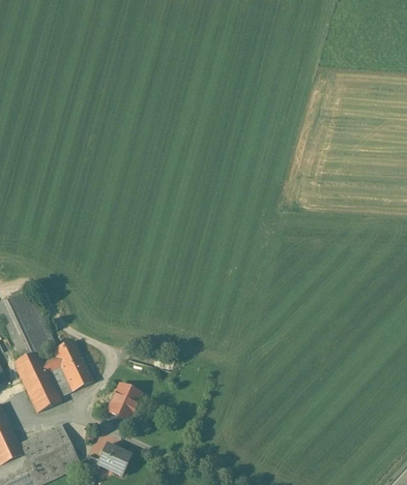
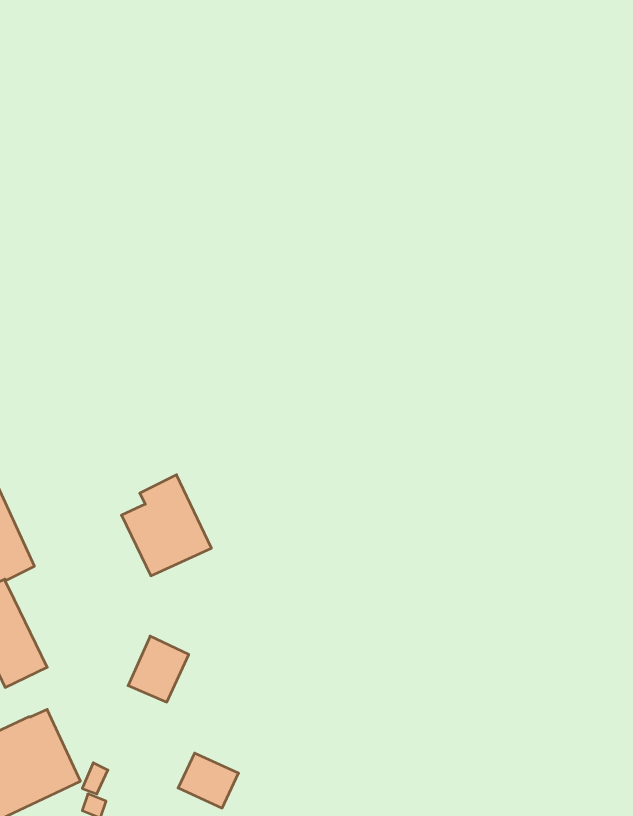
building: [43,339,94,396] -> [121,475,211,576]
building: [97,444,132,475] -> [178,753,239,808]

